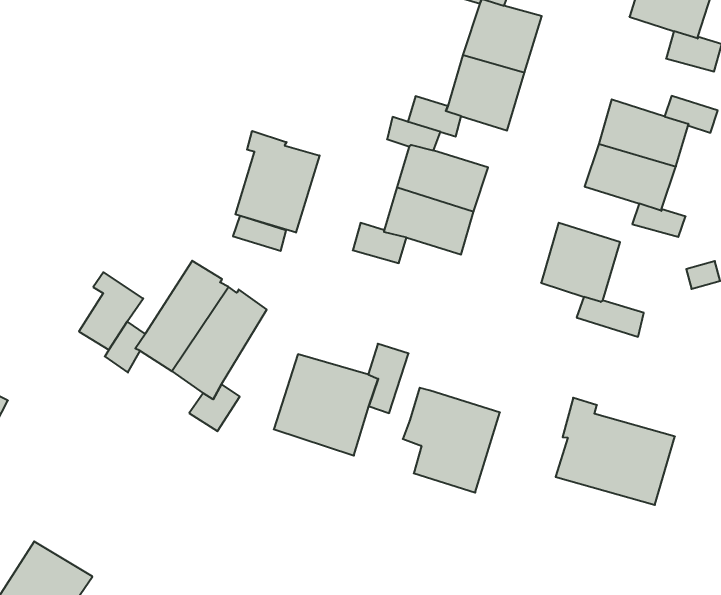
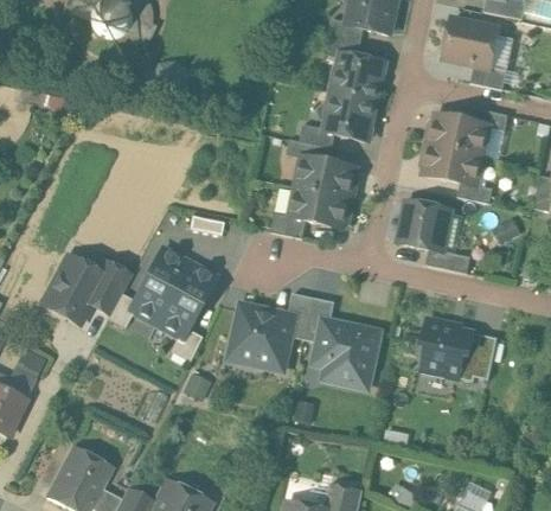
building: [235,131,320,233] -> none
building: none -> [44,256,104,322]
building: none -> [305,298,334,343]

